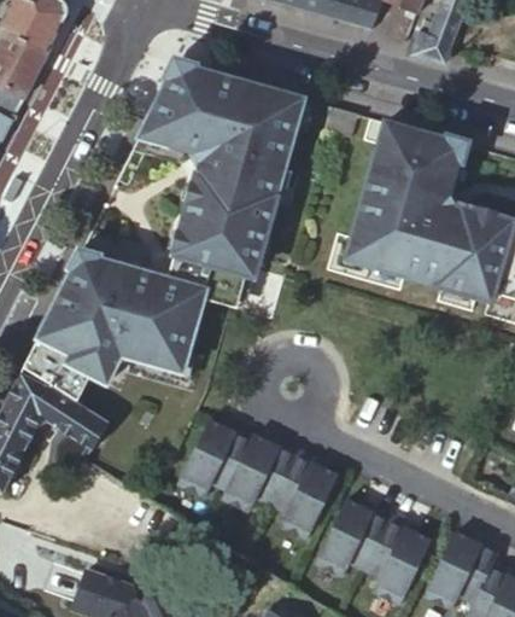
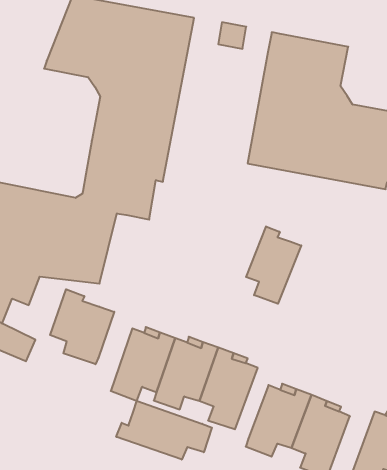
building: none -> [246,226,301,304]
building: none -> [50,289,114,364]
building: none -> [116,401,212,460]

